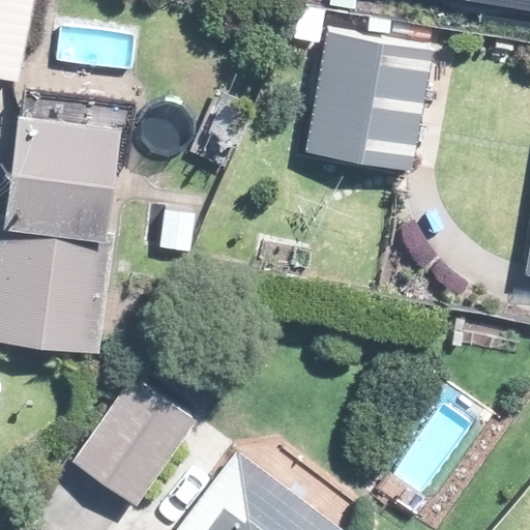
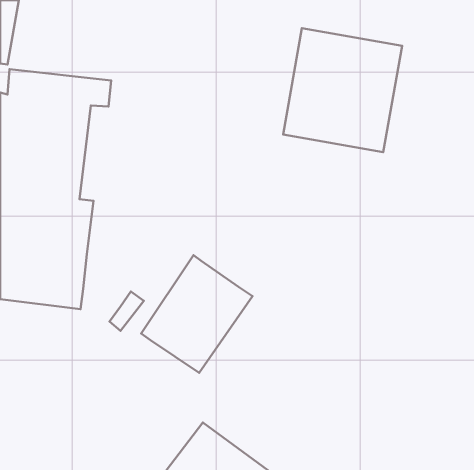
building: [69,375,193,505] -> [141,255,252,373]

